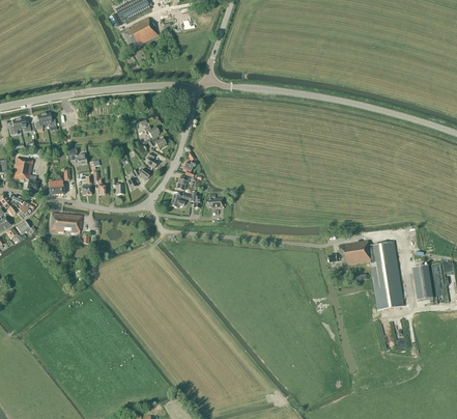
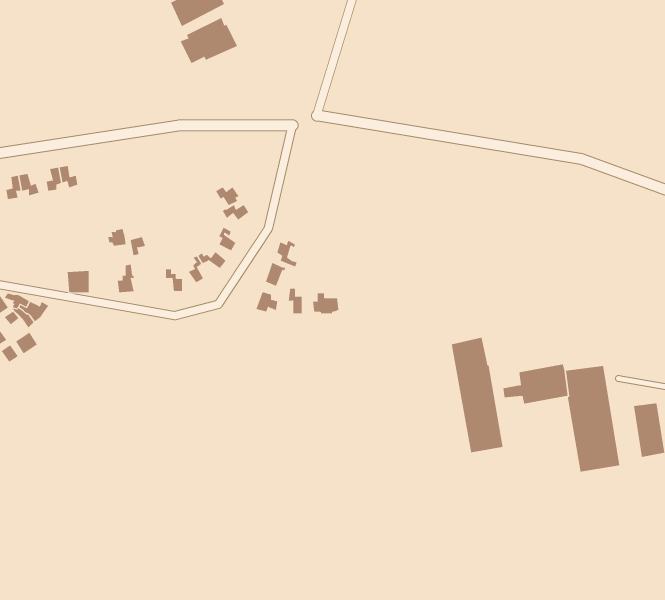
building: [12,157,38,190] -> none
building: [50,213,82,232] -> none
building: none -> [451,337,503,453]

